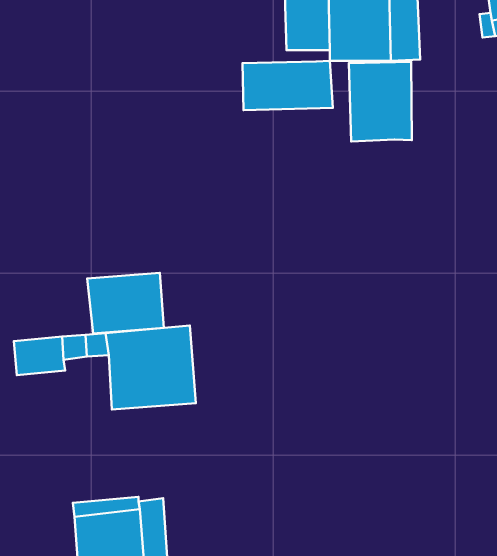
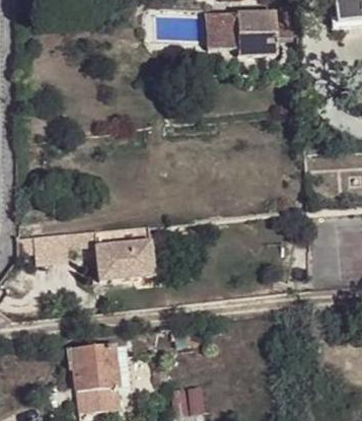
building: [242,61,333,110] -> none
building: [349,62,412,141] -> none
building: [87,273,164,334] -> none

